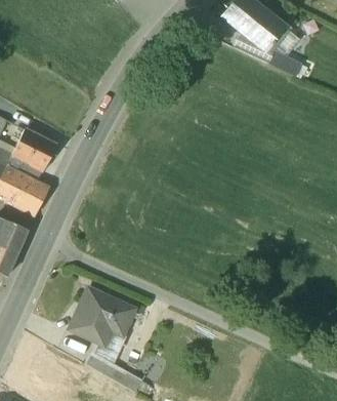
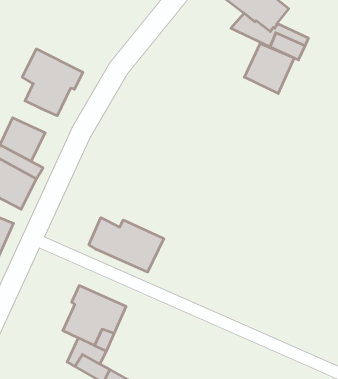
building: none -> [244,43,294,94]
building: none -> [22,49,83,116]
building: none -> [89,218,164,272]

